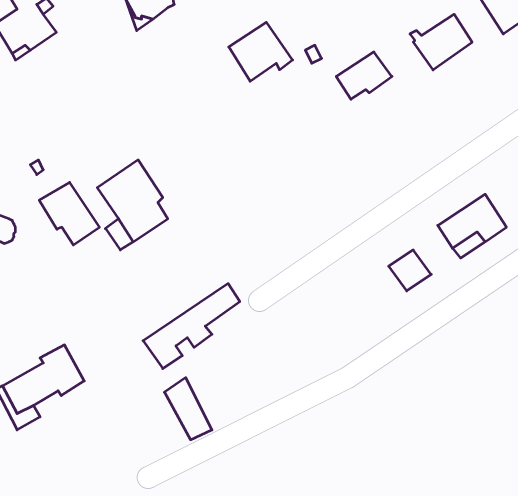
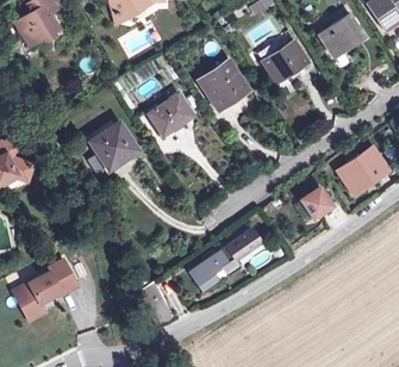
building: [229,22,293,81] -> [200,62,247,105]
building: none -> [149,94,193,135]
building: [39,182,99,245] -> none
building: [143,284,240,369] -> [189,229,260,291]

